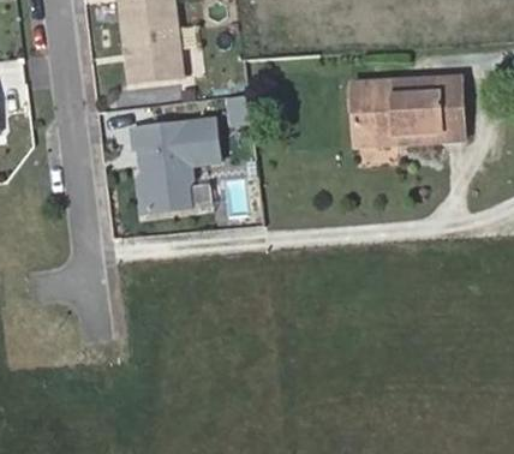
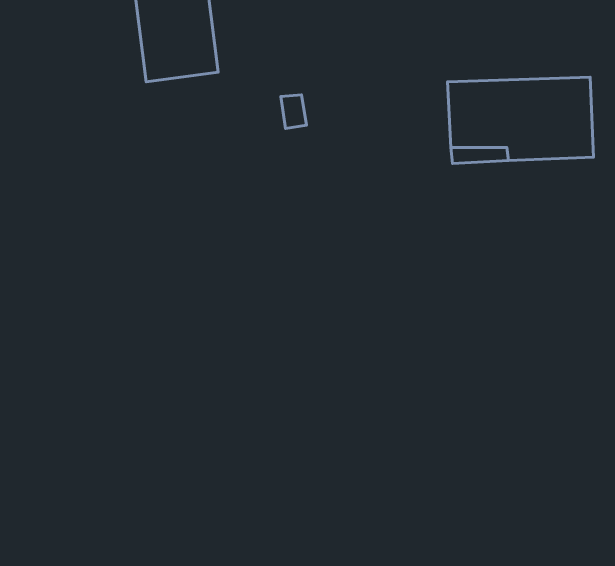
building: [132,117,221,210] -> none

